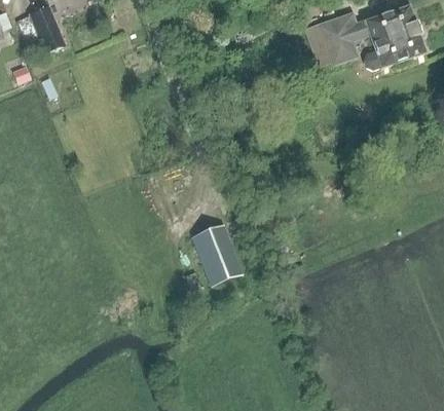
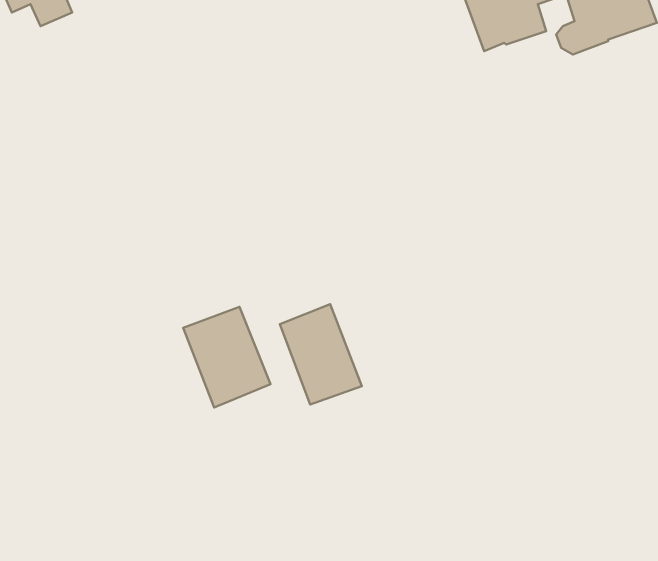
building: none -> [183,307,271,408]

